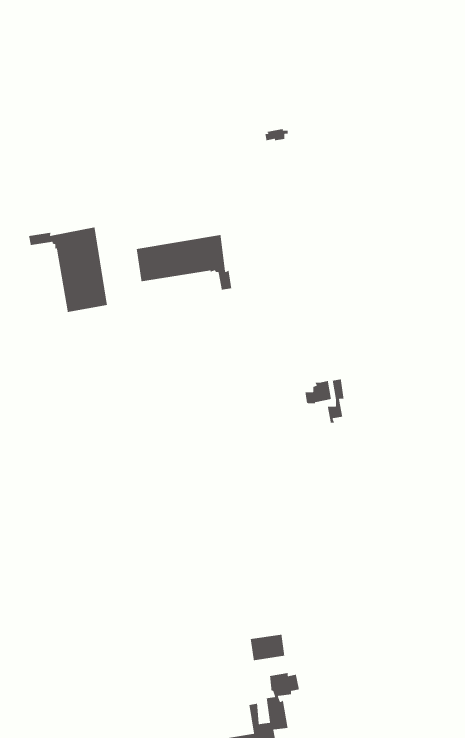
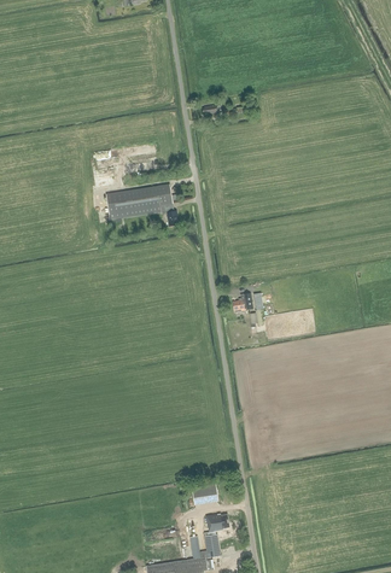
building: [28,226,108,313] -> none

